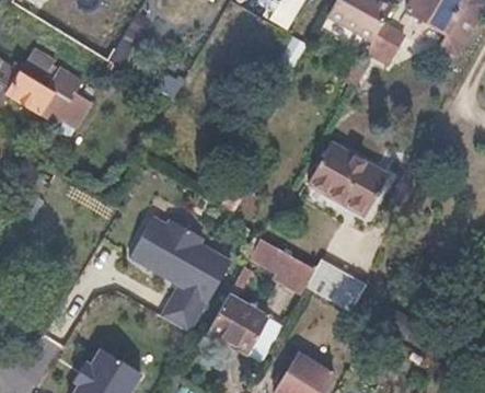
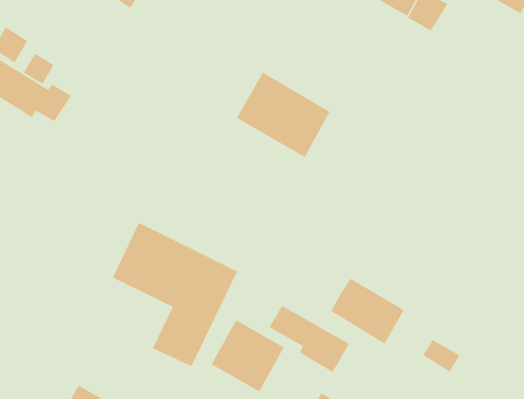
building: [308,142,385,213] -> [236,71,330,158]
building: [249,235,315,291] -> [269,305,350,373]

